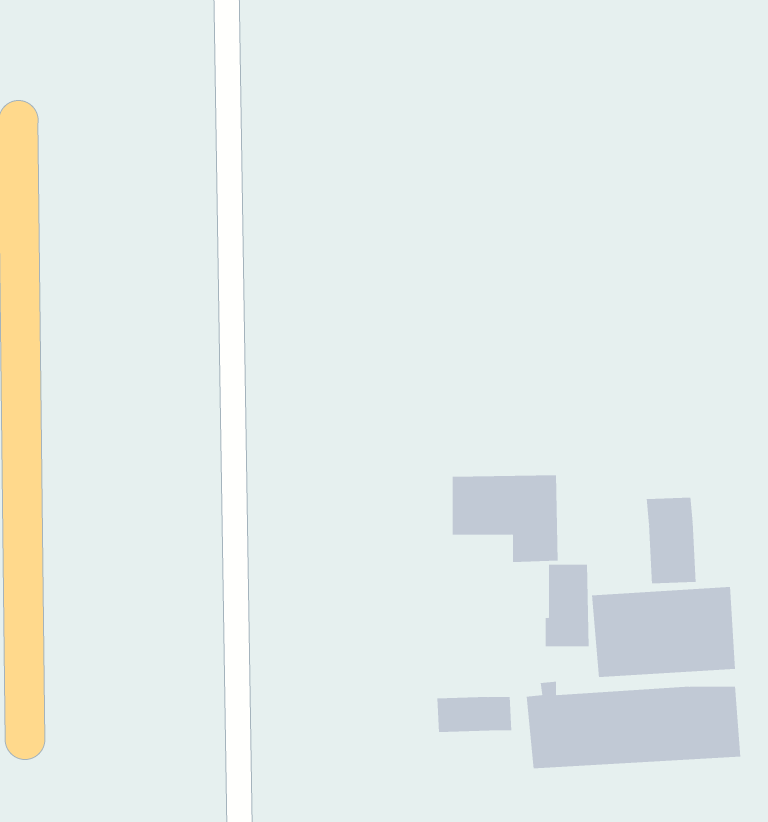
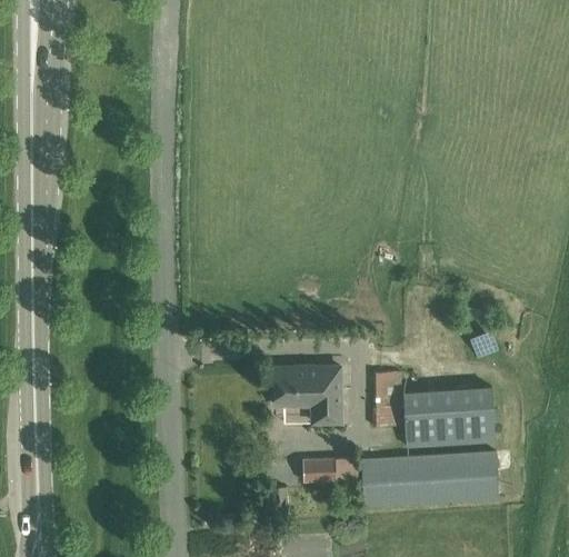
building: [452,475,559,563] -> [274,367,343,424]
building: [646,497,696,584] -> none

